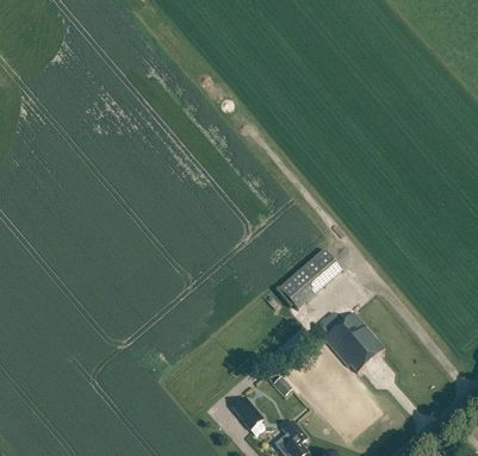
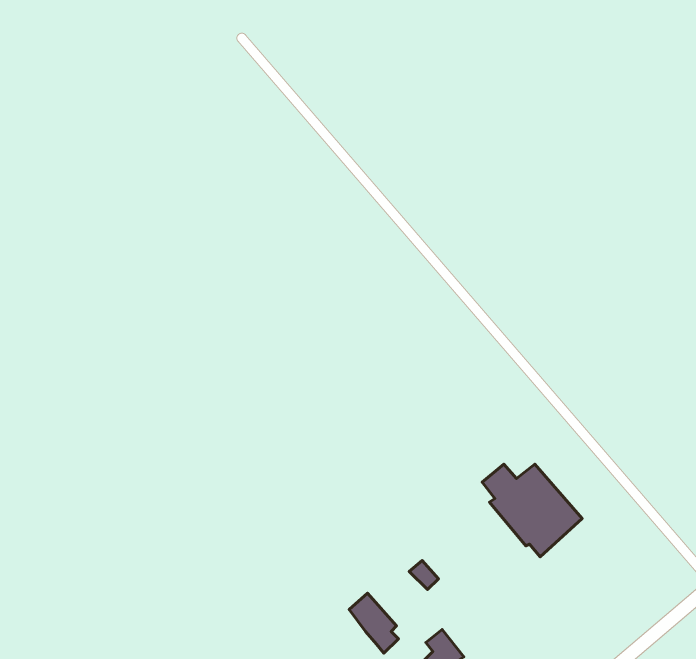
building: [279,249,343,310] -> none

